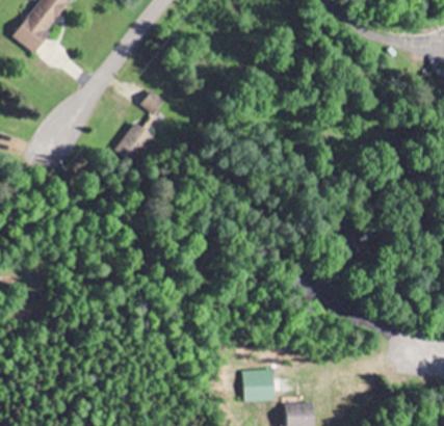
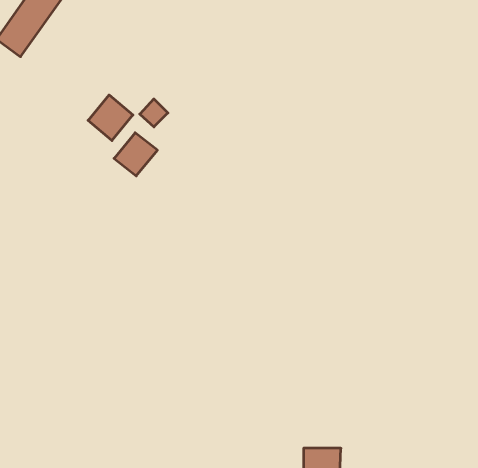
building: none -> [88,95,133,141]
building: [244,370,277,402] -> none

